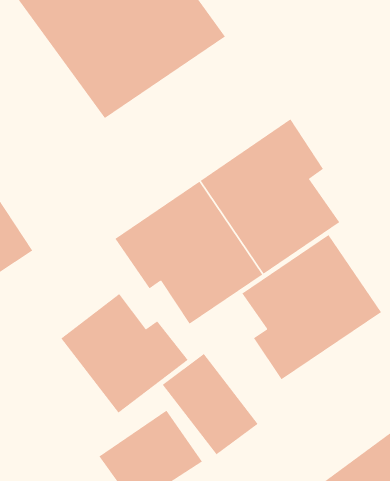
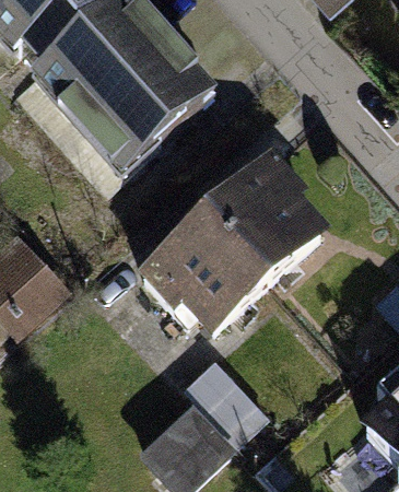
building: [242,234,382,380] -> none
building: [60,293,188,413] -> none

